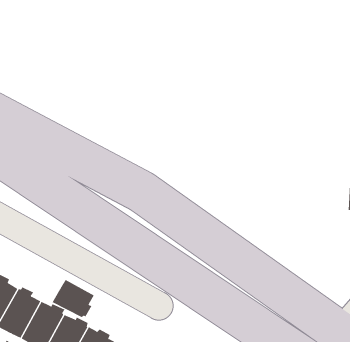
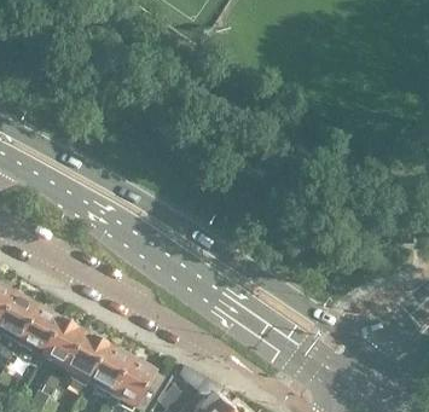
building: [52,279,95,318] -> none

